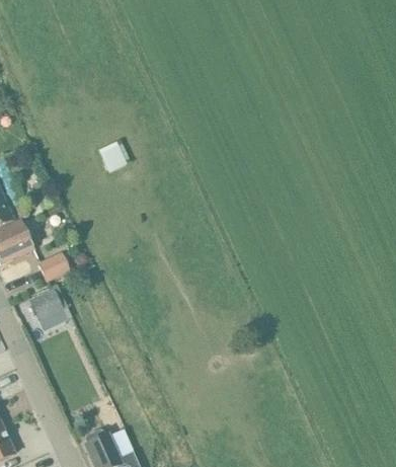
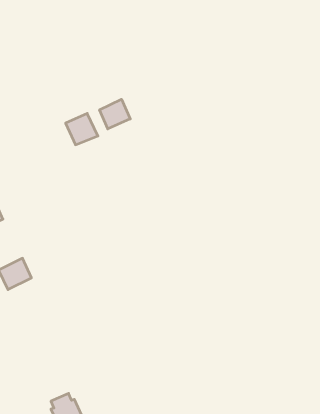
building: none -> [100,99,130,129]
building: [37,253,70,282] -> none

